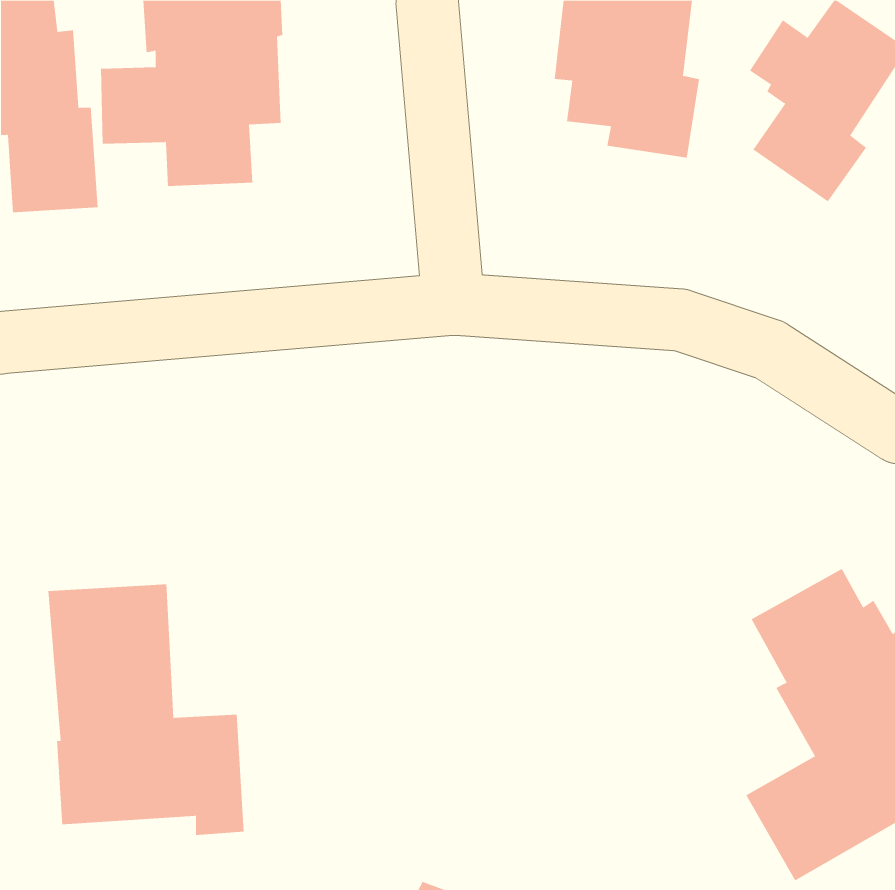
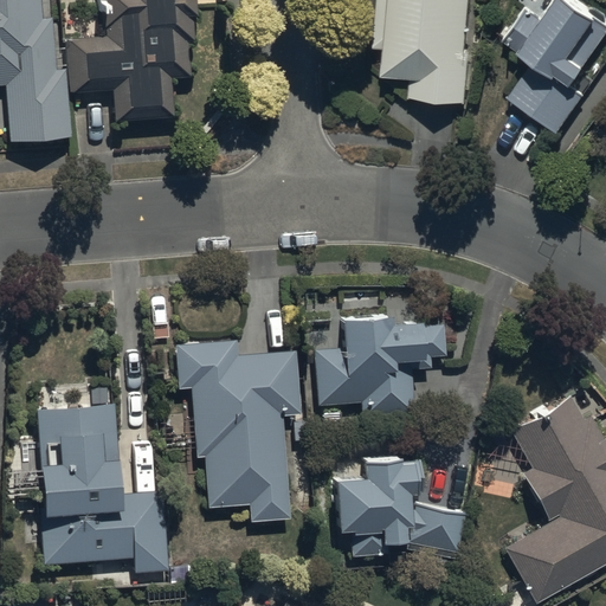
building: none -> [315,302,447,413]
building: none -> [176,337,299,517]
building: none -> [336,457,458,561]

